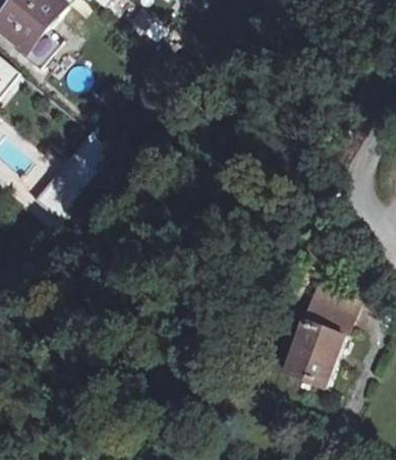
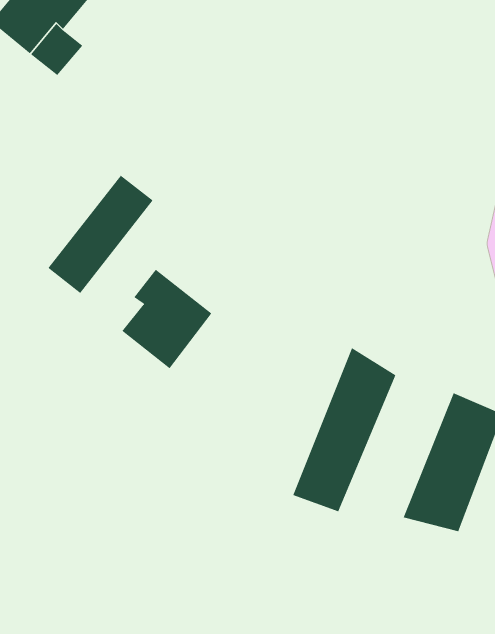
building: none -> [122,269,212,369]
building: none -> [292,347,396,512]

